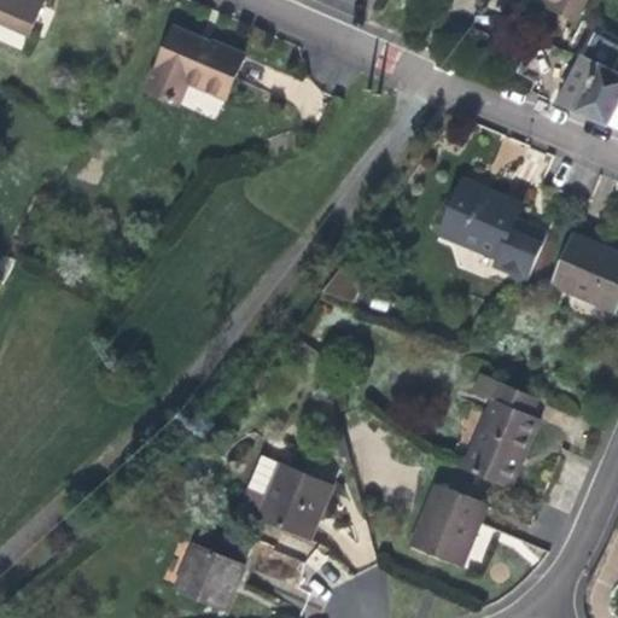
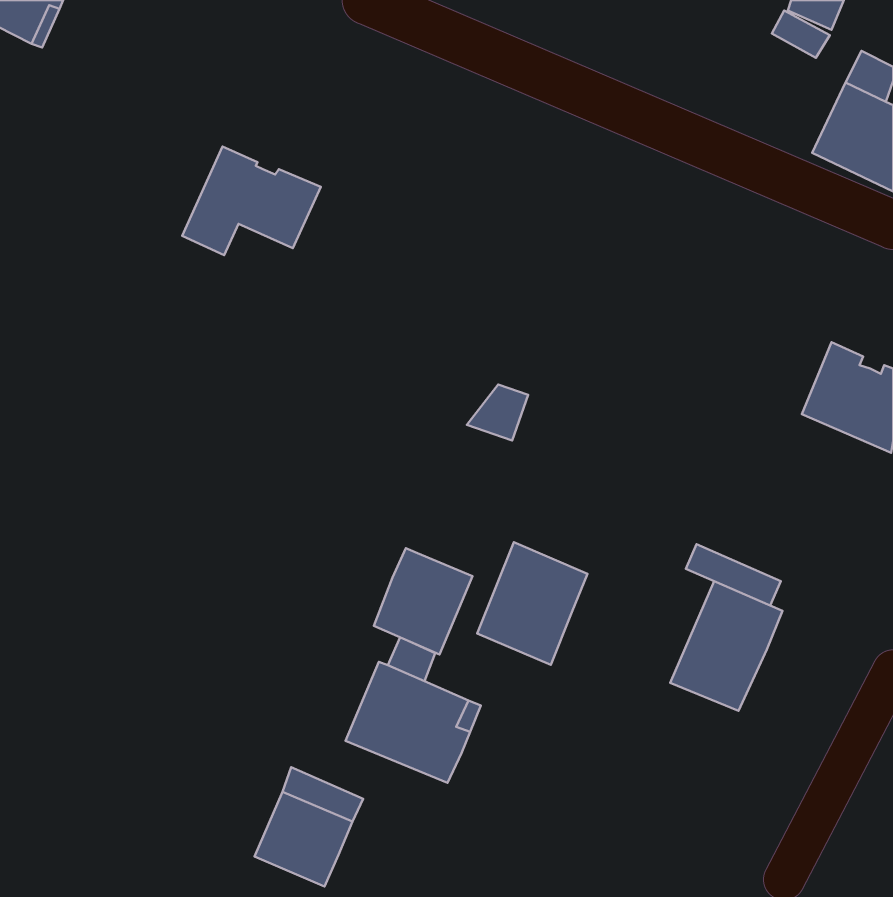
building: [146,28,241,103] -> [182,146,321,255]
building: [439,182,547,280] -> none
building: none -> [374,548,472,655]
building: [409,483,485,567] -> [477,542,588,665]

